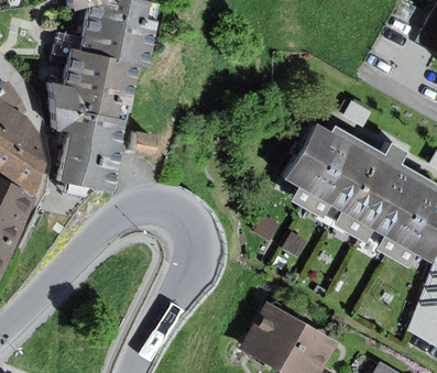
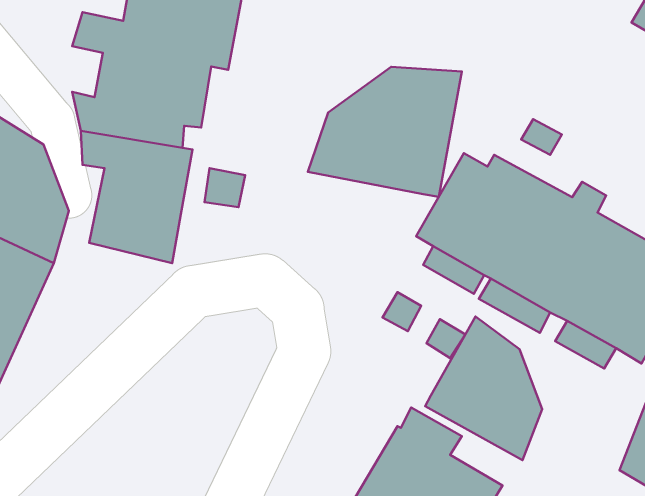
building: none -> [308,67,462,197]
building: none -> [425,317,542,460]

